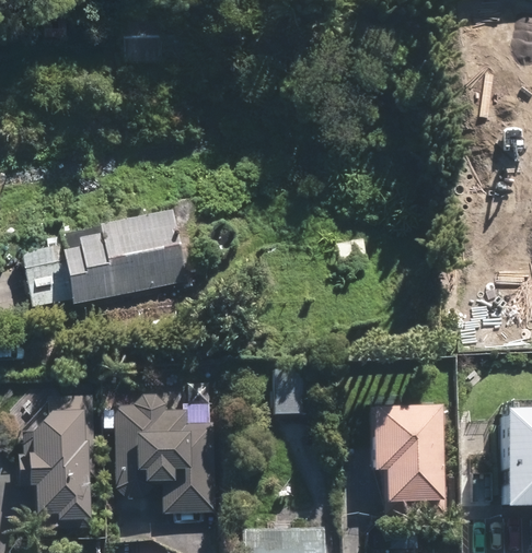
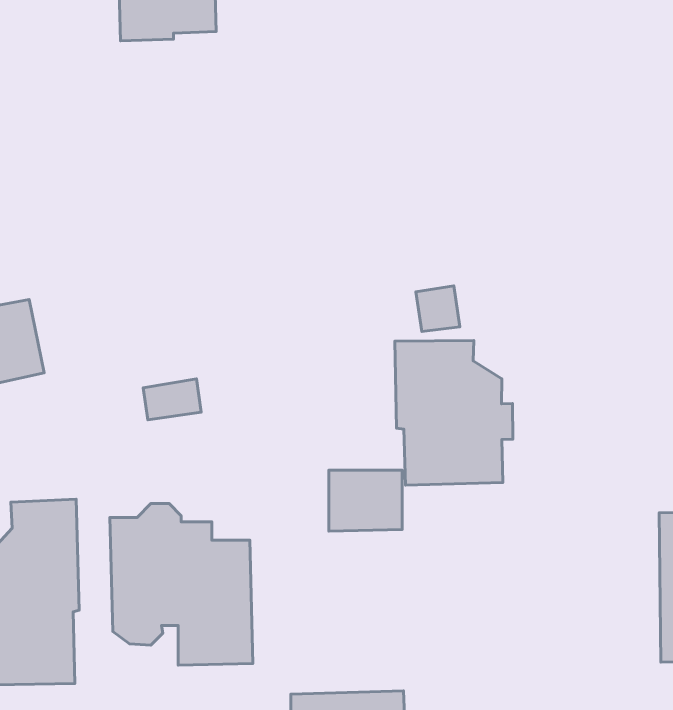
building: [59,213,183,306] -> none
building: none -> [395,340,513,485]
building: [372,405,446,502] -> none

